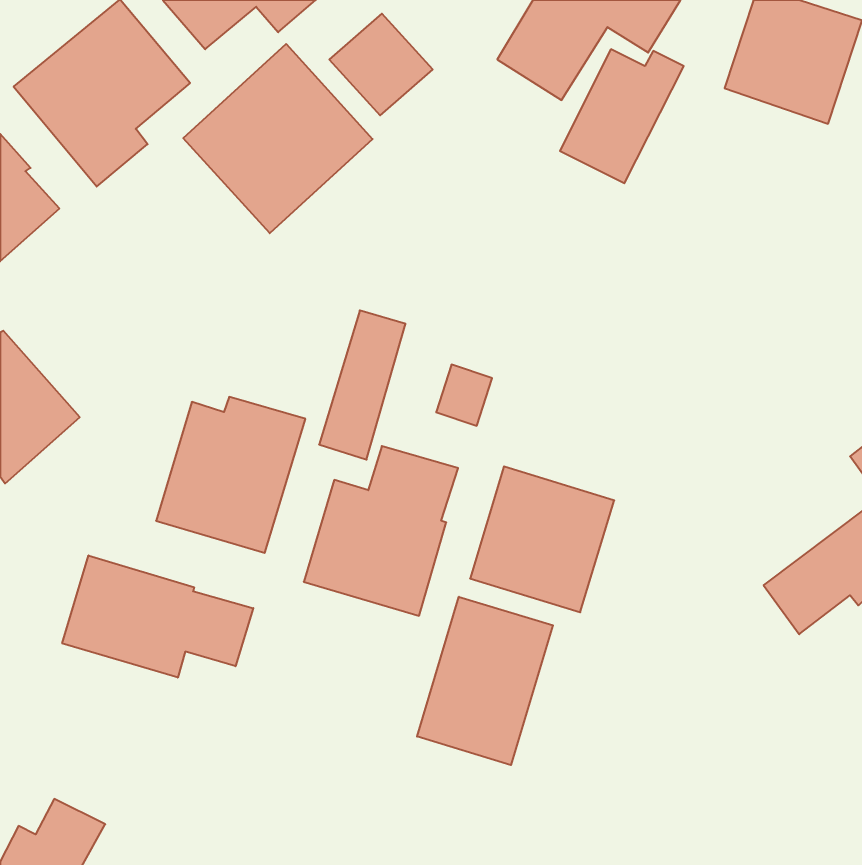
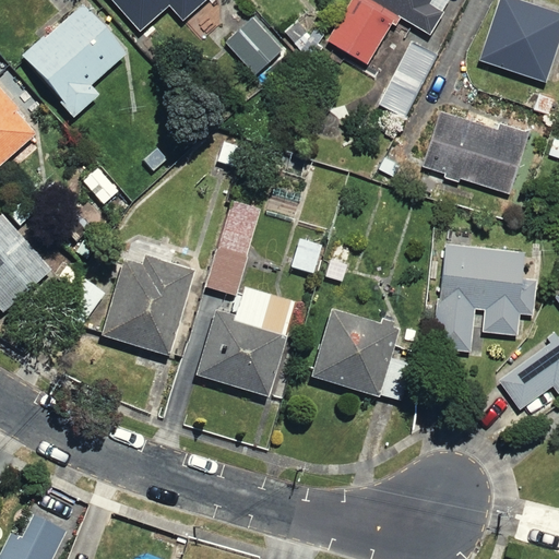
building: [183,44,373,233] -> none
building: none -> [420,111,526,192]
building: none -> [430,242,537,354]
building: [62,555,253,678] -> none
building: [417,597,553,765] -> none

